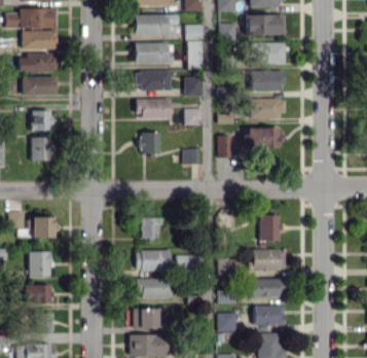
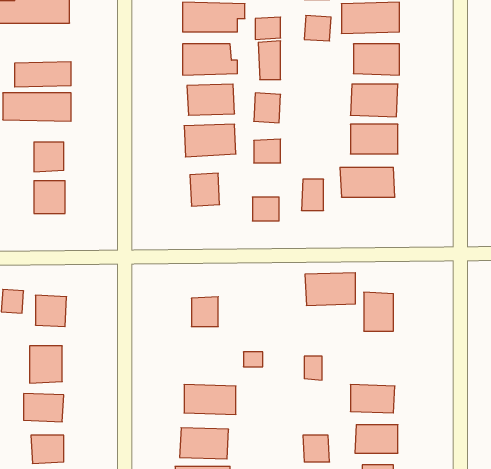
building: [23,30,58,49] -> none
building: [251,248,286,271] -> [305,273,355,305]
building: [137,250,170,271] -> none

